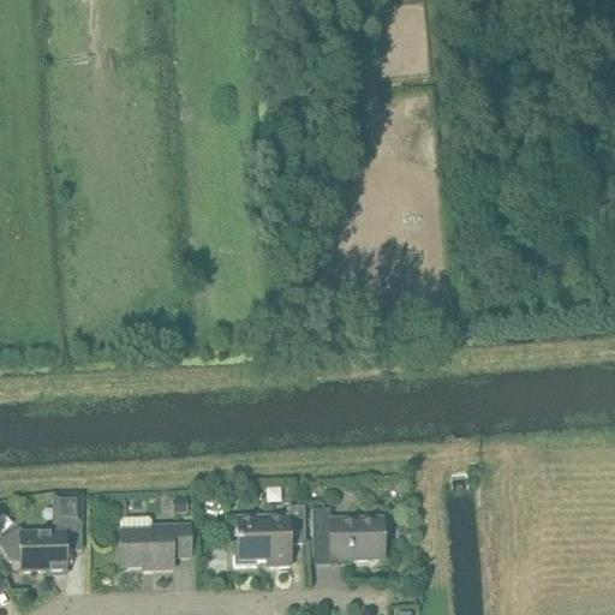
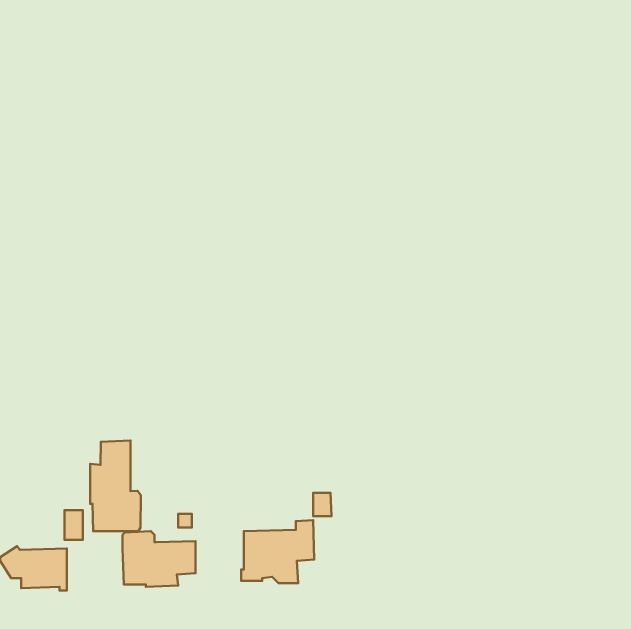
building: none -> [90,440,141,531]
building: [312,508,384,560] -> none

